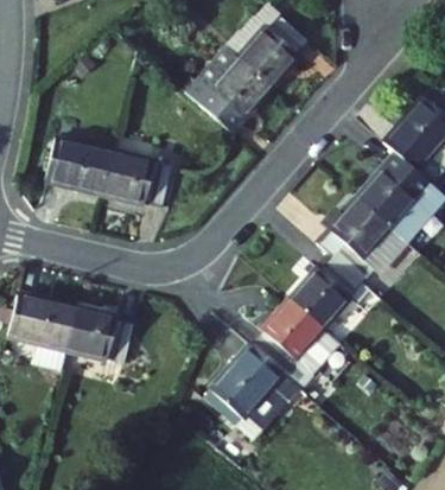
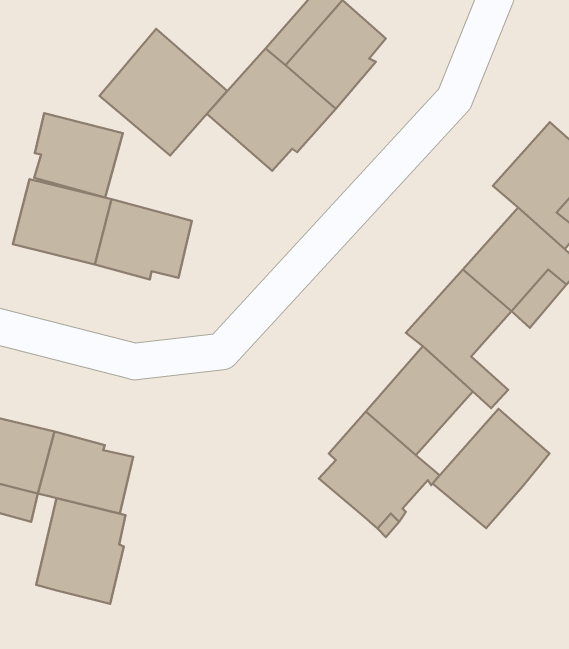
building: none -> [99,29,227,156]
building: none -> [34,113,123,198]
building: none -> [433,409,550,528]
building: [218,342,293,418] -> none
building: none -> [36,498,126,604]

